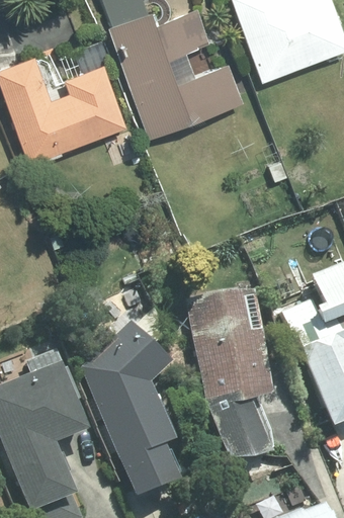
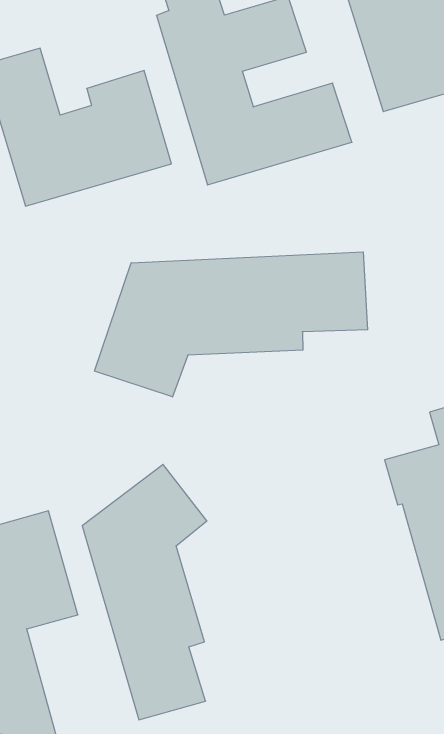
building: none -> [95,252,368,397]
building: [188,287,276,462] -> none

